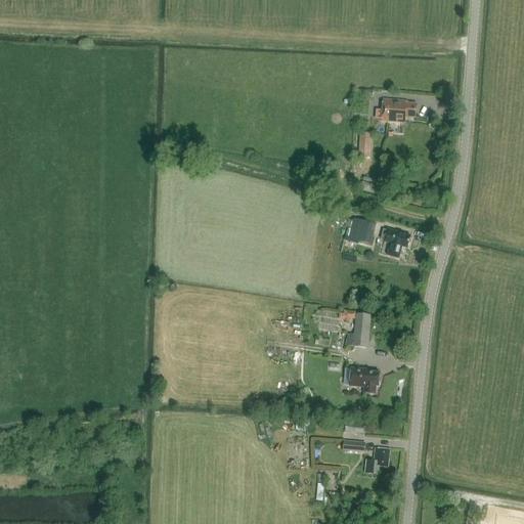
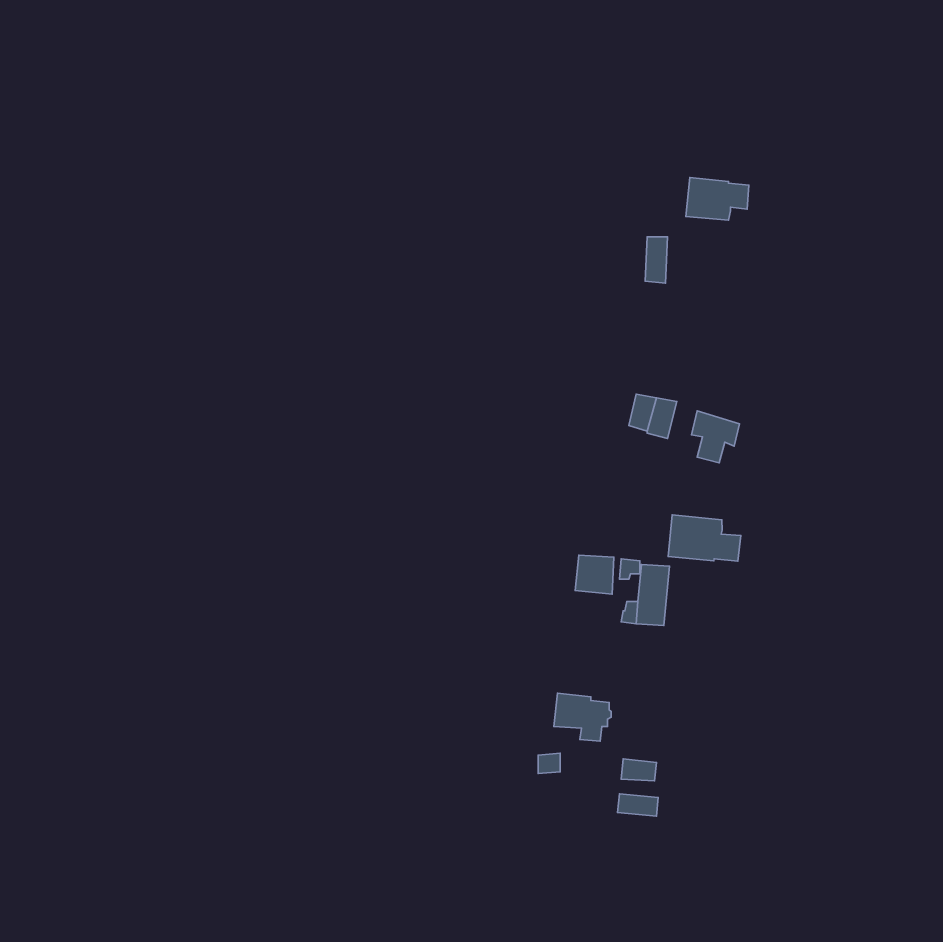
building: none -> [668,515,741,561]
building: [348,366,380,393] -> [554,693,611,741]
building: [364,447,389,473] -> none

